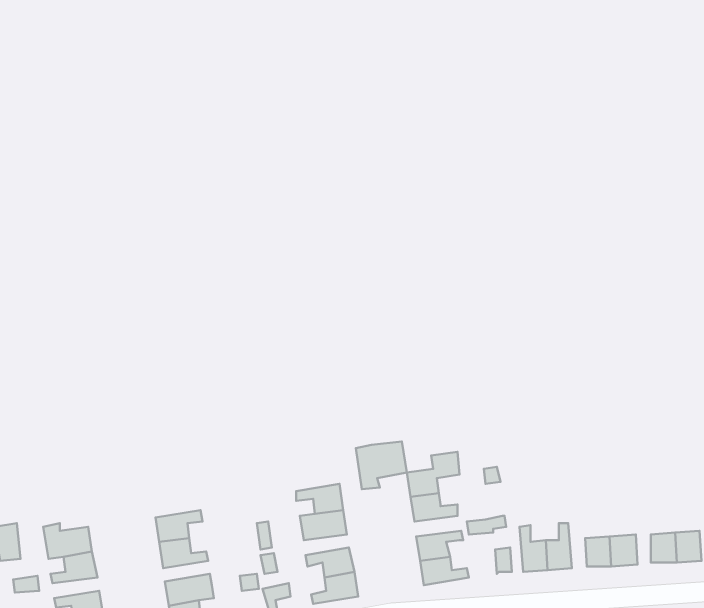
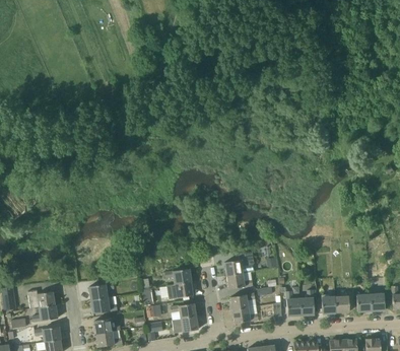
building: [356,441,407,489] -> none

